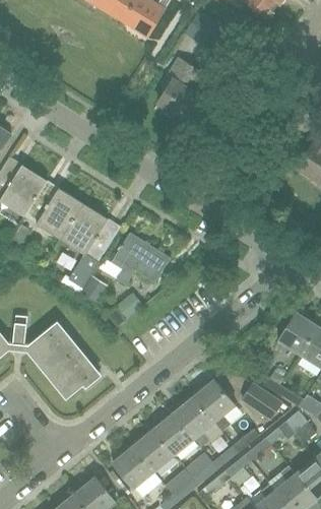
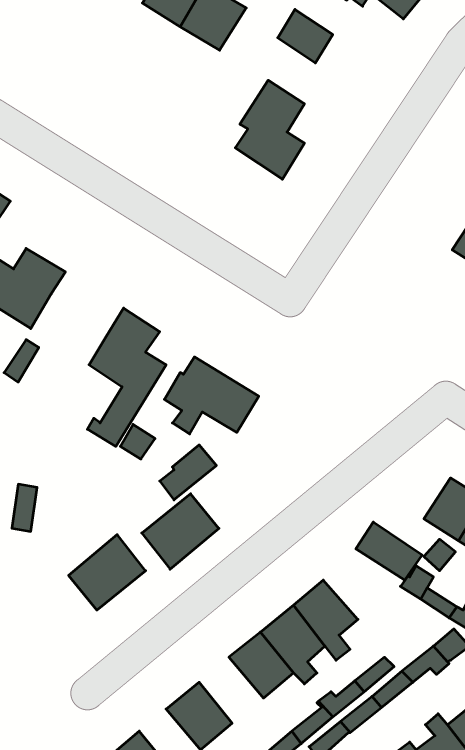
building: [24,187,84,240] -> none
building: [30,327,80,376] -> [142,494,219,569]
building: [241,382,283,420] -> [356,522,422,580]
building: [133,429,175,471] -> none

